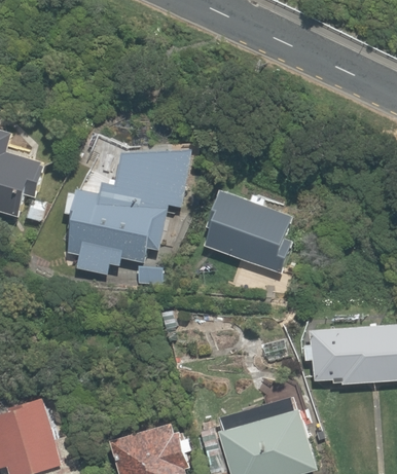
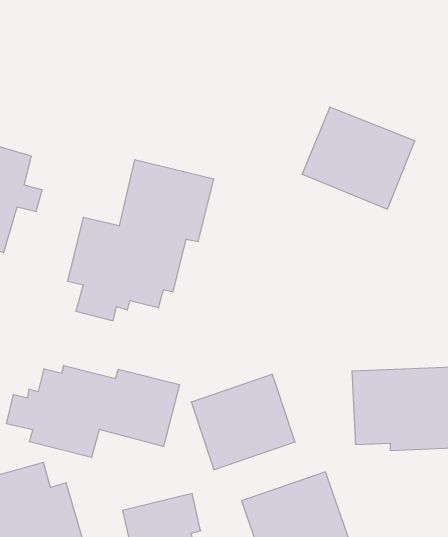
building: [199,190,295,278] -> [302,107,415,209]
building: none -> [7,365,179,458]
building: none -> [191,374,295,470]

